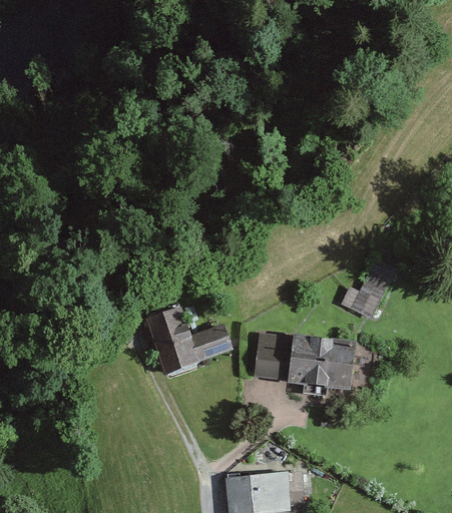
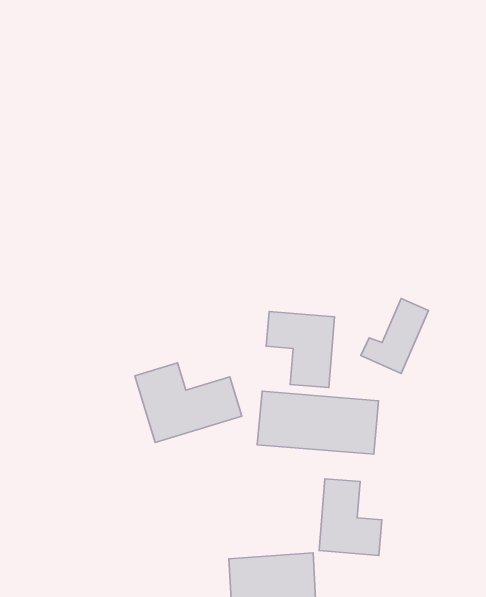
building: none -> [266,311,334,388]
building: none -> [319,479,382,555]

